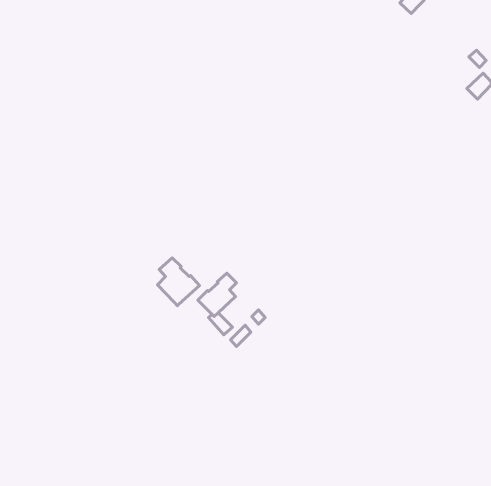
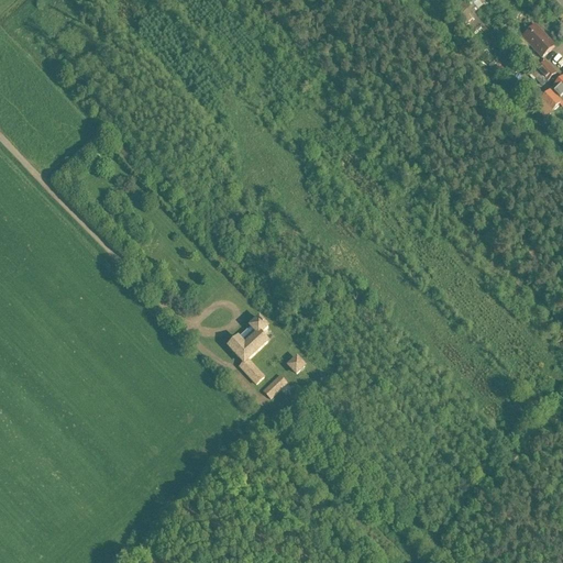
building: none -> [512,20,555,55]
building: [157,258,199,306] -> none

